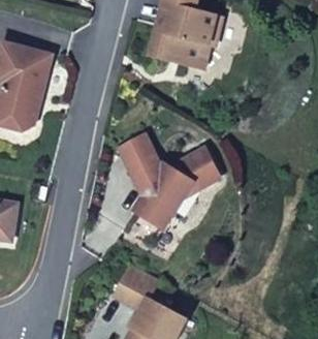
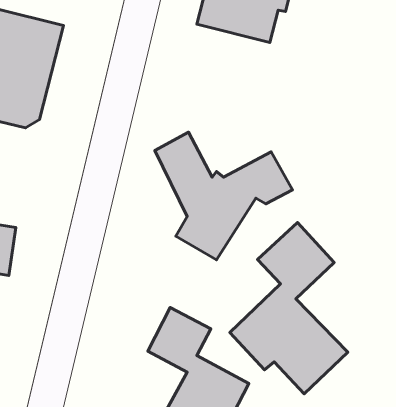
building: none -> [230,223,348,394]

